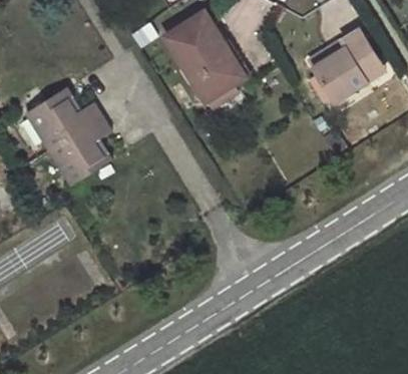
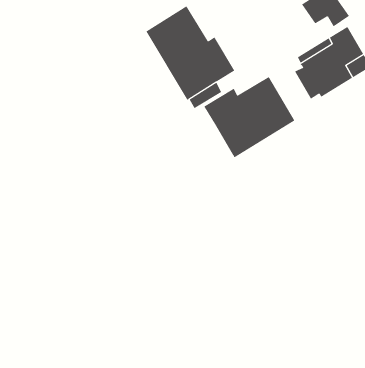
building: none -> [204,76,295,158]
building: [27,87,110,183] -> none

